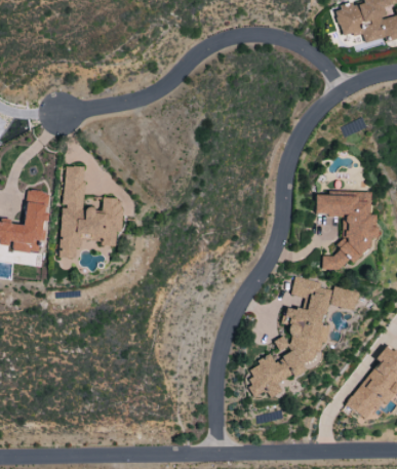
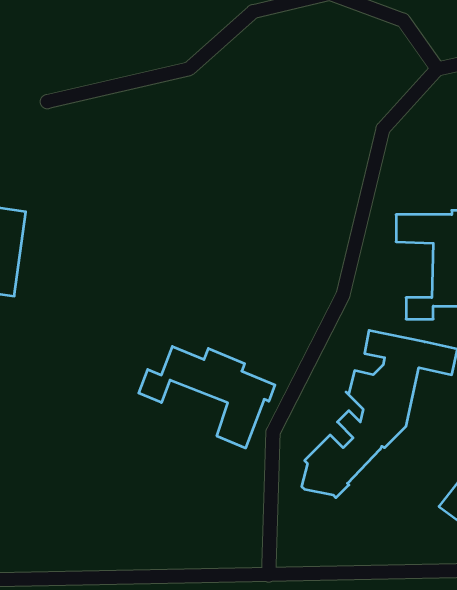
building: [61,165,123,258] -> none
building: none -> [139,346,275,448]

